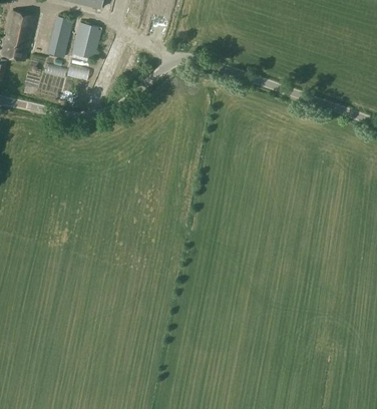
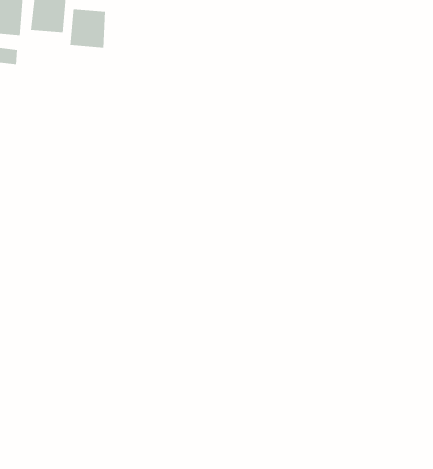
building: none -> [70,9,106,49]

